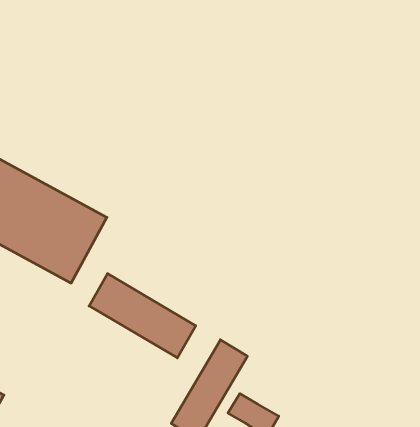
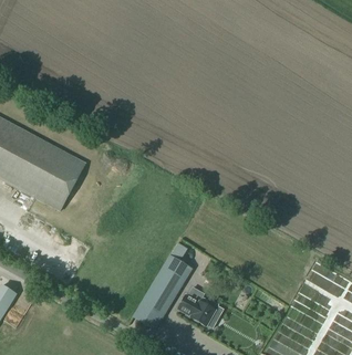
building: [89,274,196,358] -> none

